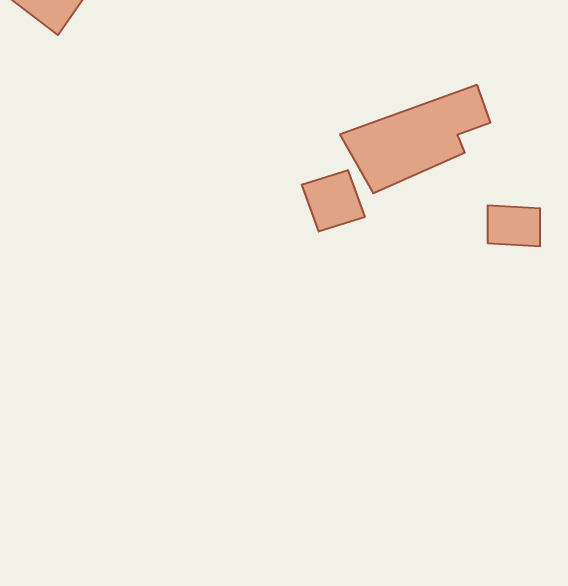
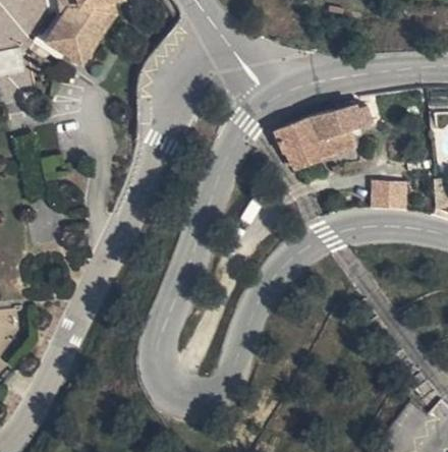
building: [302,170,365,232] -> none

